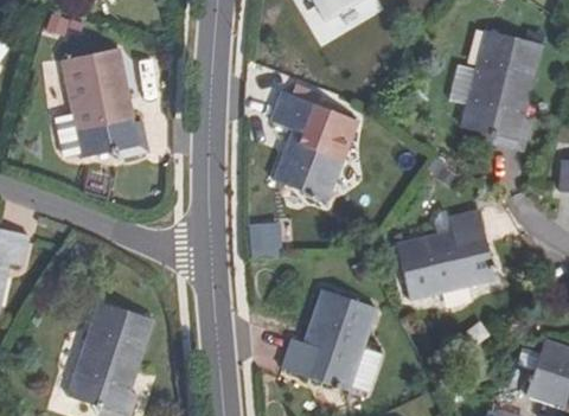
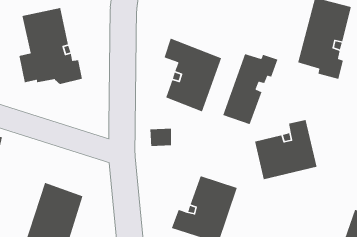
building: none -> [222,53,278,125]

